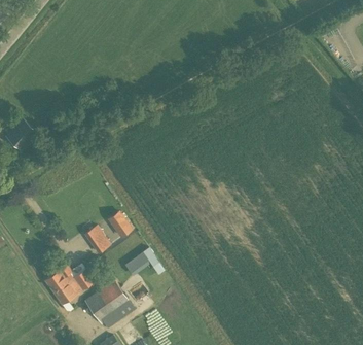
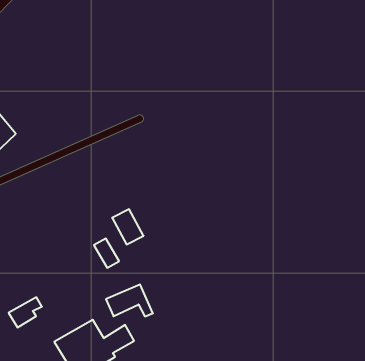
building: [84,226,111,254] -> [112,209,144,244]
building: [53,270,95,304] -> none

